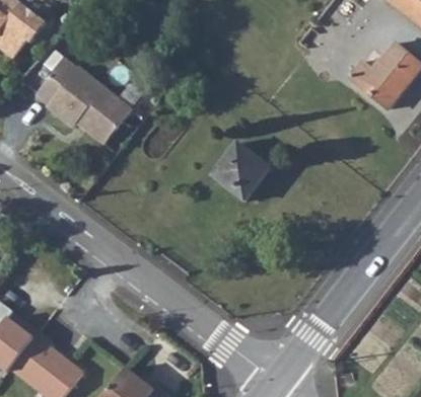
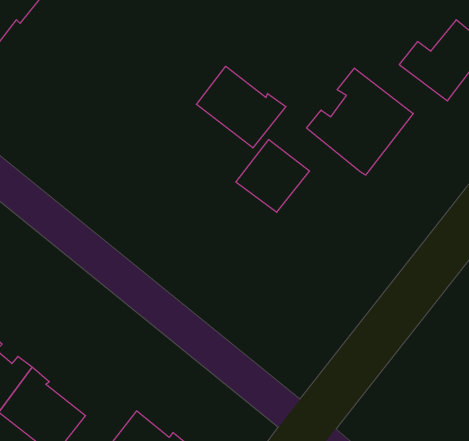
building: [34,57,131,144] -> none
building: none -> [196,66,286,148]
building: none -> [307,68,413,175]

